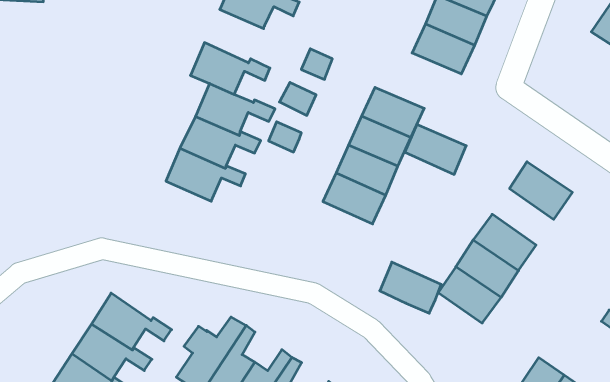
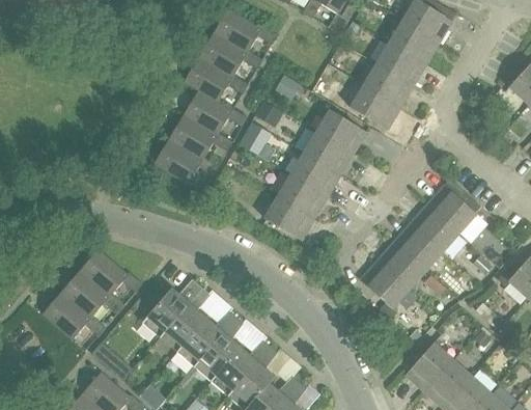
building: none -> [198,31,262,77]
building: [405,125,466,174] -> [351,85,400,129]
building: none -> [411,203,459,251]
building: [380,262,441,313] -> [264,195,314,240]

